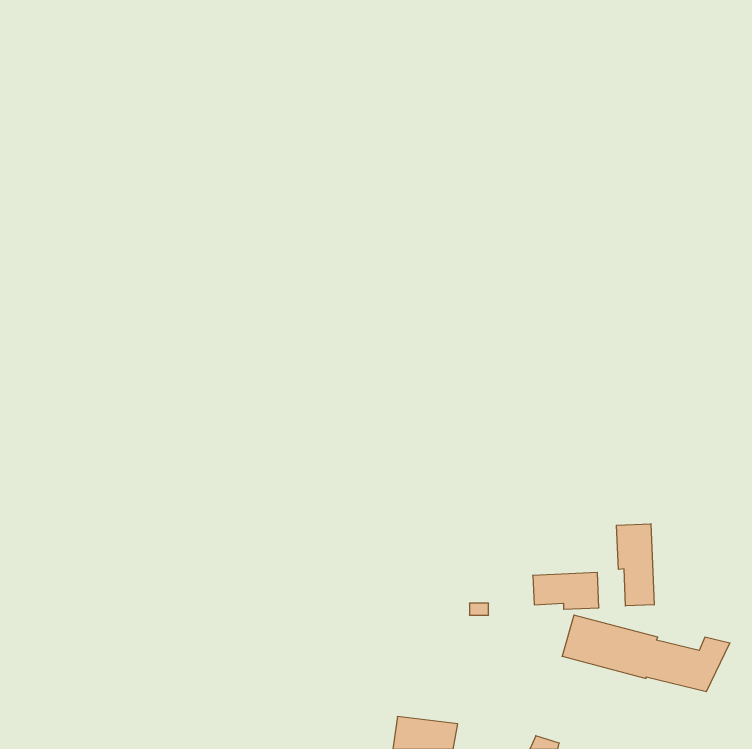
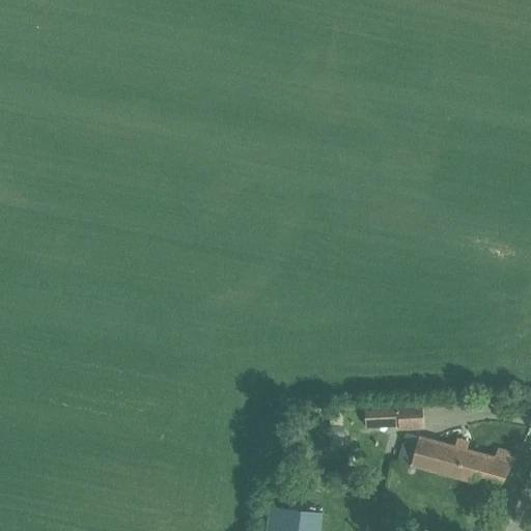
building: [617,524,654,606] -> none

